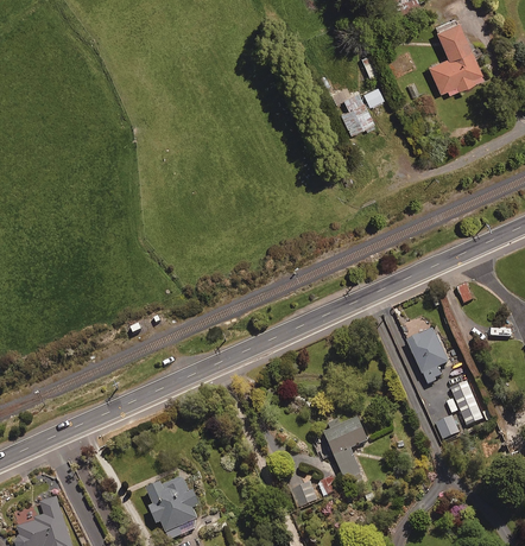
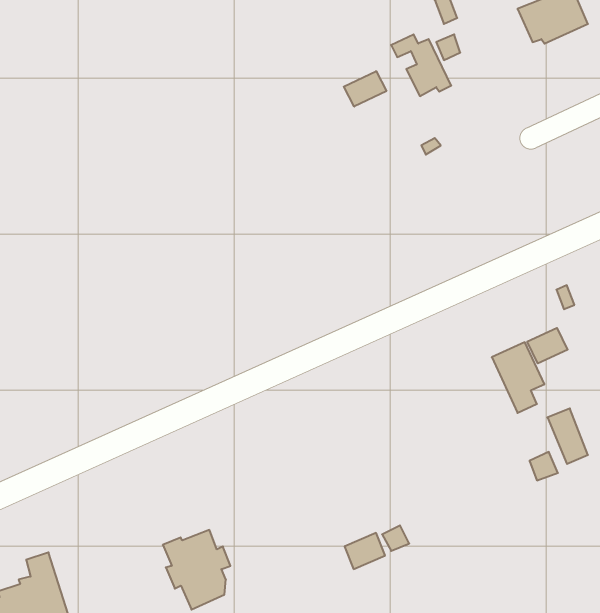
building: none -> [344,71,386,107]
building: none -> [527,328,568,363]
building: [324,418,368,478] -> none

